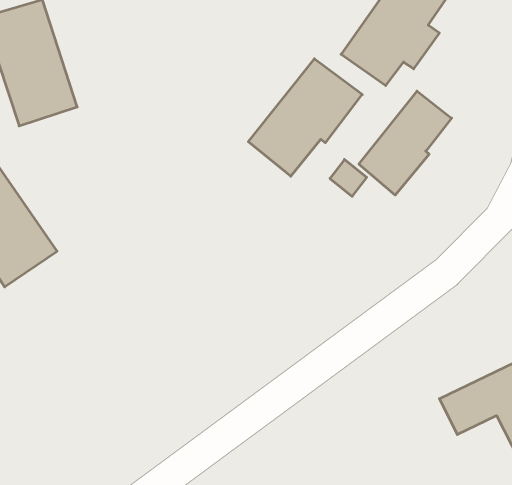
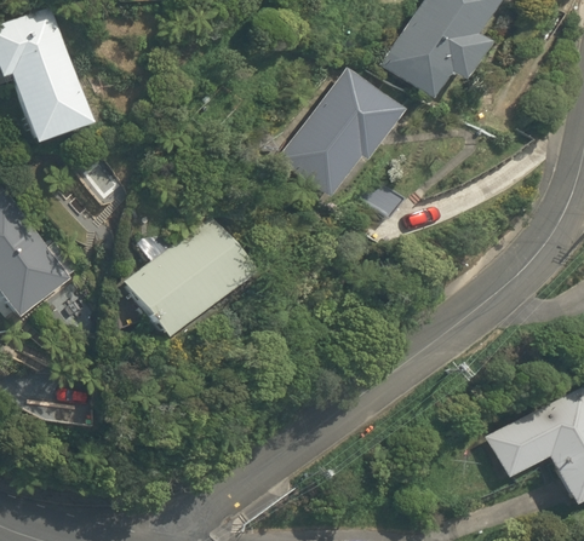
building: [359,91,452,195] -> none
building: none -> [124,218,253,338]

